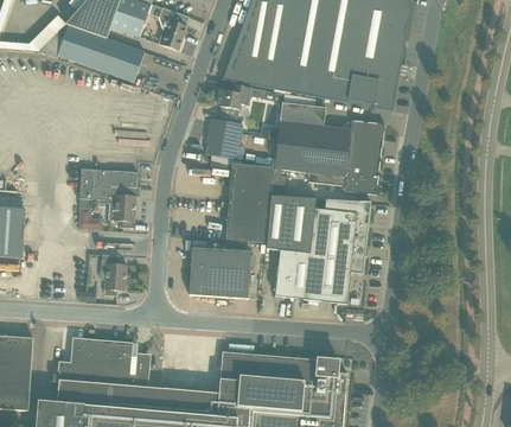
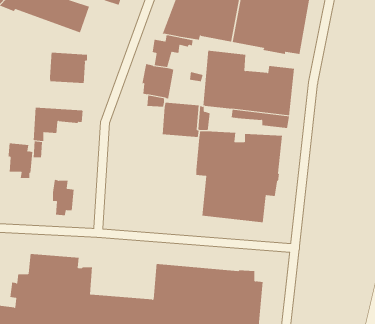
building: none -> [49,52,88,84]
building: [107,185,136,227] -> [8,143,33,178]
building: [225,200,272,242] -> none
building: [186,247,251,298] -> none

